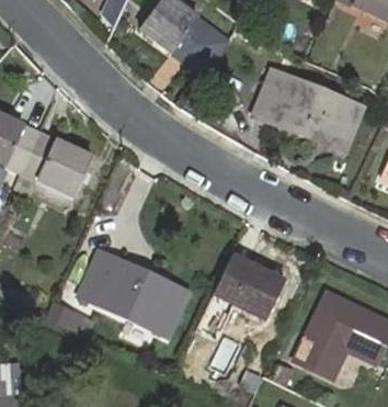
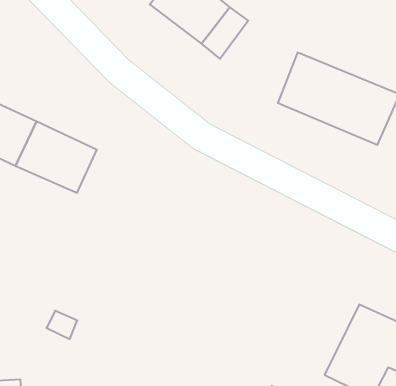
building: [79,251,189,333] -> none
building: [214,253,285,319] -> none

